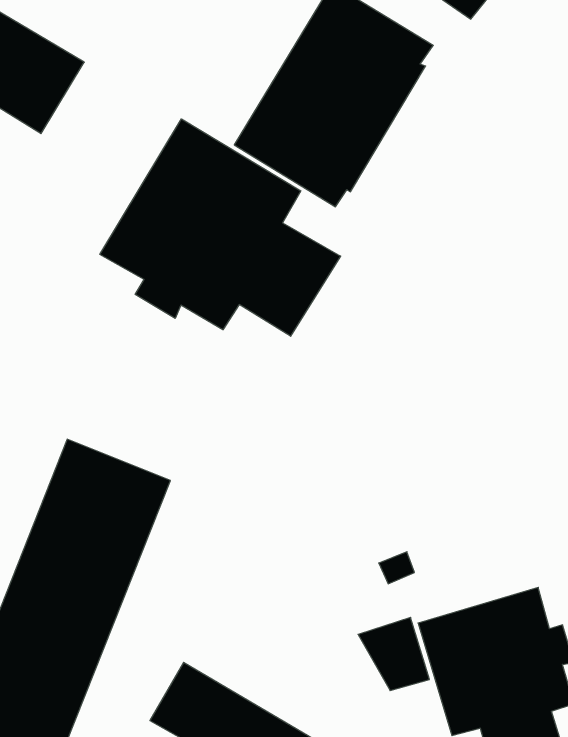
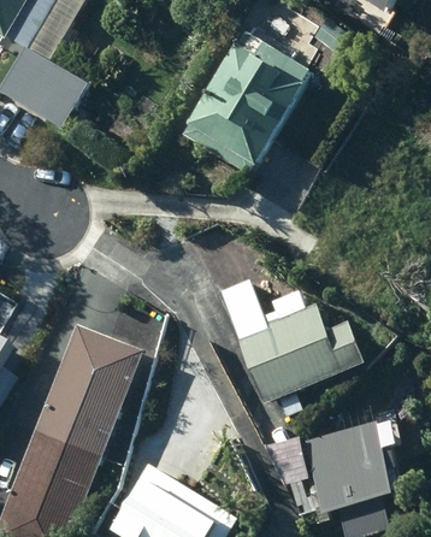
building: [100,119,341,336] -> none
building: none -> [217,279,365,403]

